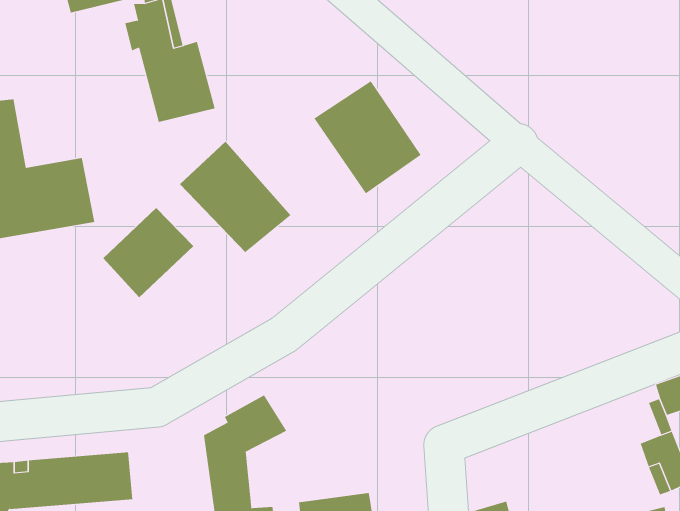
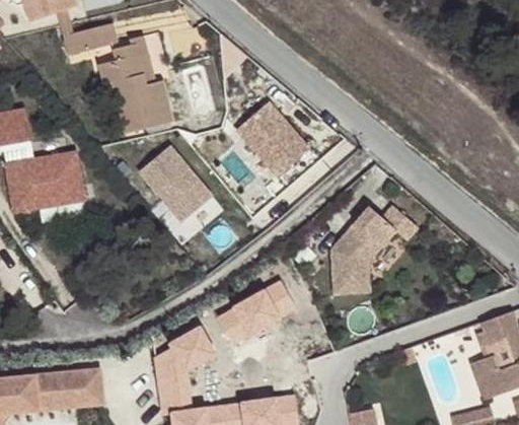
building: [103,207,194,298] -> none
building: none -> [330,206,418,294]
building: none -> [218,291,280,344]

